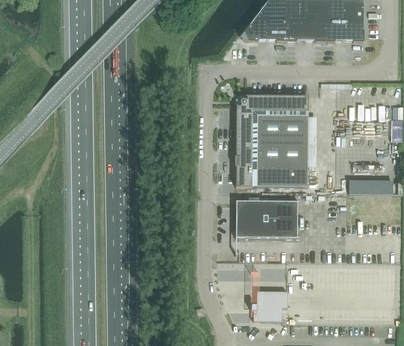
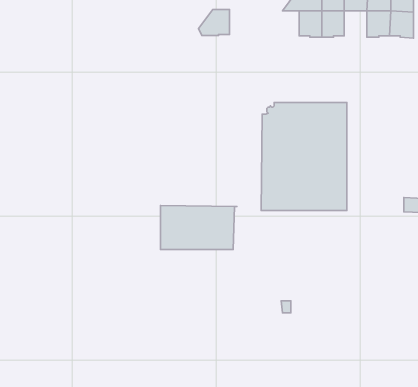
building: [242,19,268,41] -> [198,9,229,36]
building: [306,19,325,41] -> none
building: [236,201,300,238] -> [161,205,237,249]
building: [250,291,288,322] -> none

